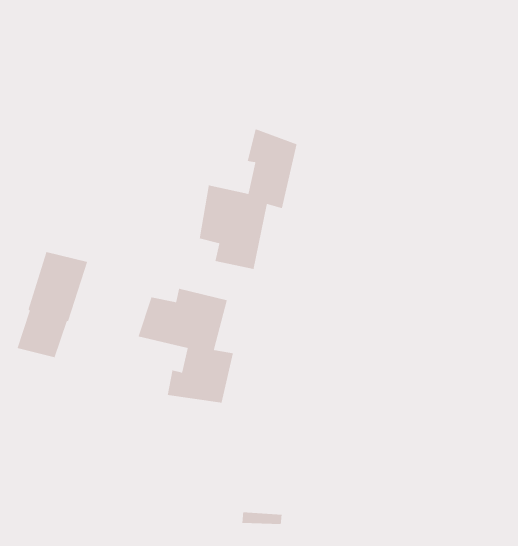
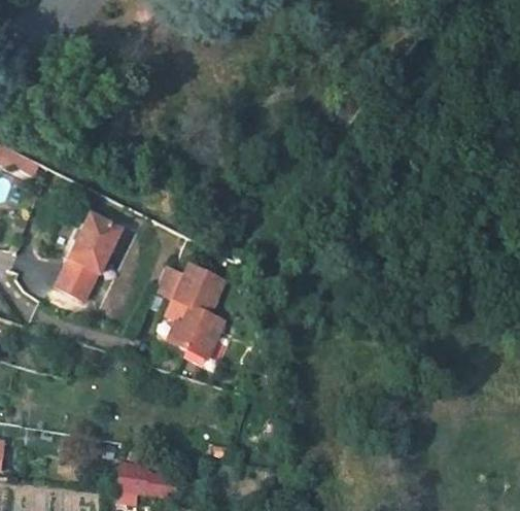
building: [199,128,297,270] -> none

